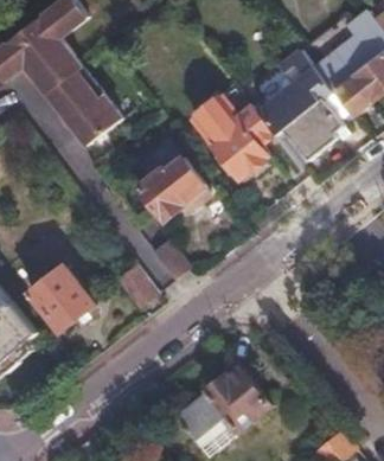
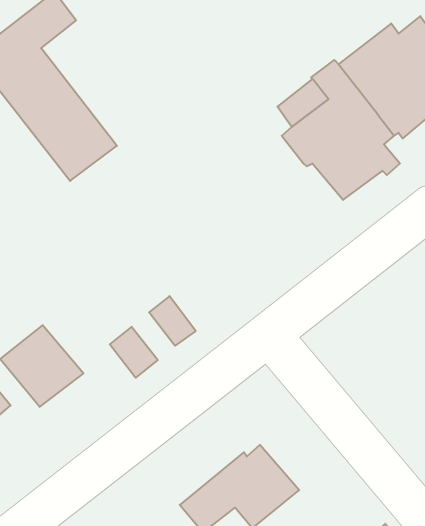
building: [191,98,273,180] -> none
building: [134,160,207,222] -> none

